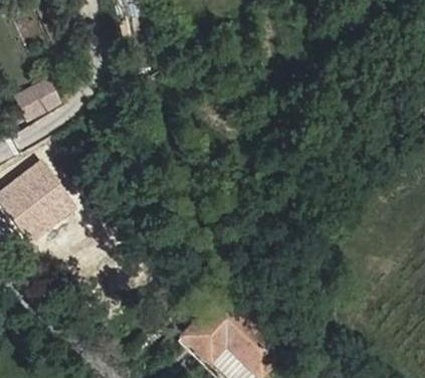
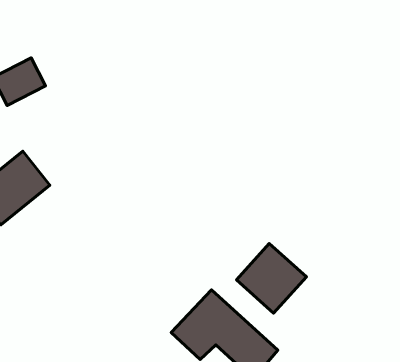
building: none -> [236,244,307,313]

